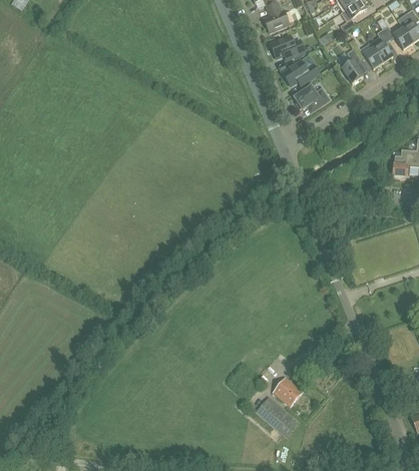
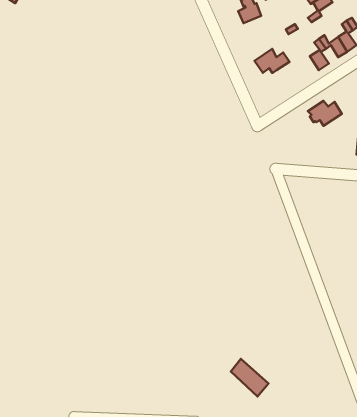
building: [269,34,304,59] -> none
building: [293,85,330,112] -> [308,101,342,126]
building: [273,376,302,405] -> none

